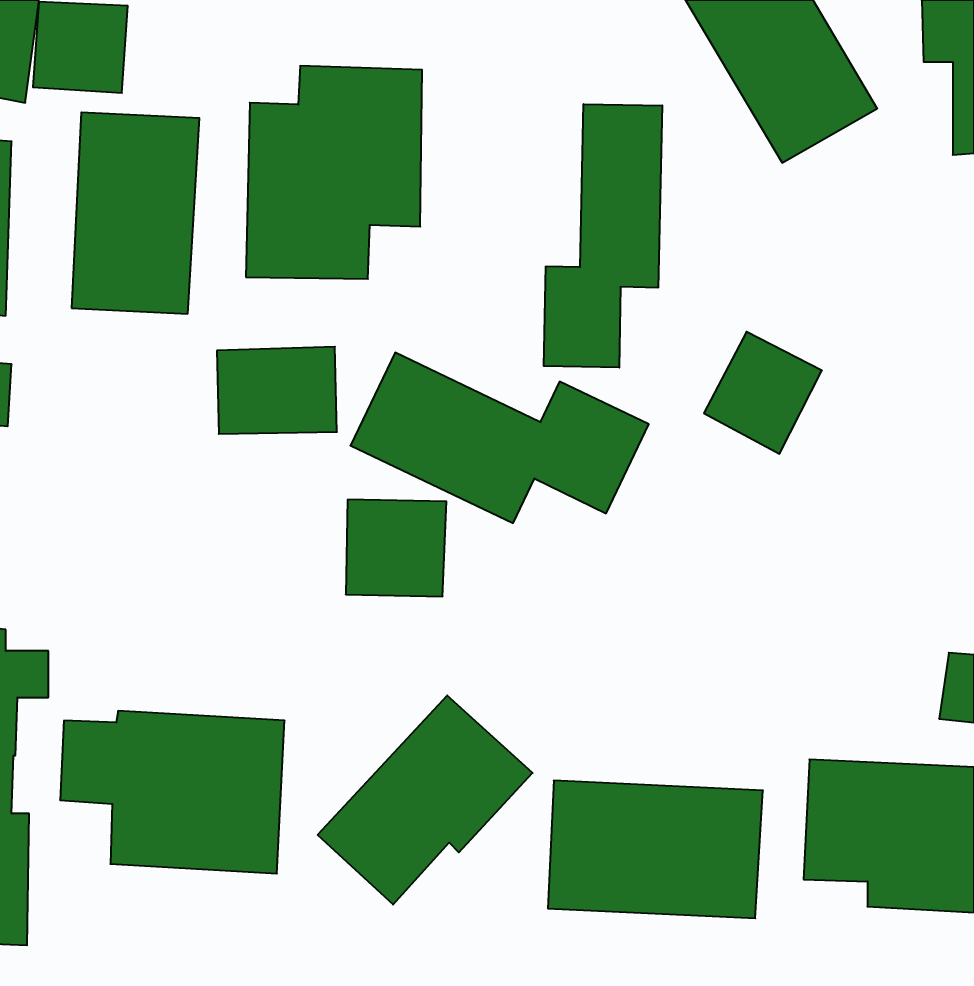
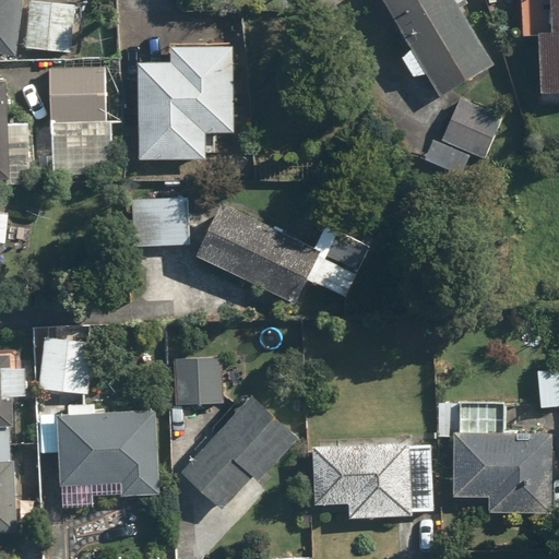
building: [544,104,662,368] -> none
building: [704,332,822,454] -> [436,97,502,166]
building: [346,500,446,596] -> [168,355,225,409]
building: none -> [37,330,87,390]

